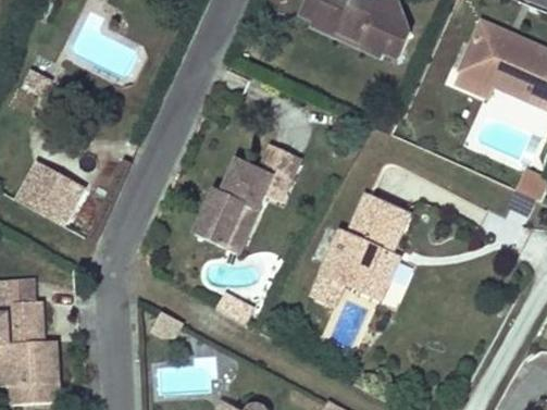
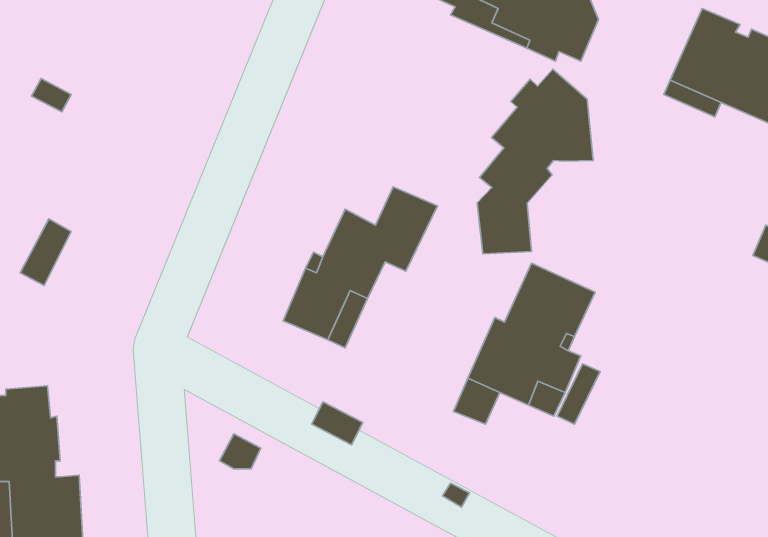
building: none -> [477,69,593,254]
building: [32,172,80,225] -> none

